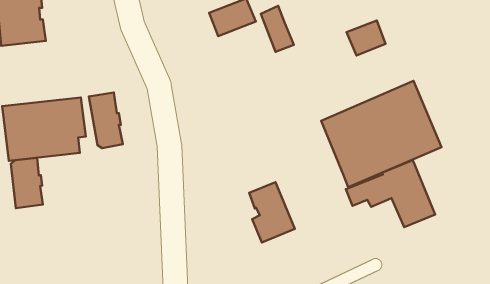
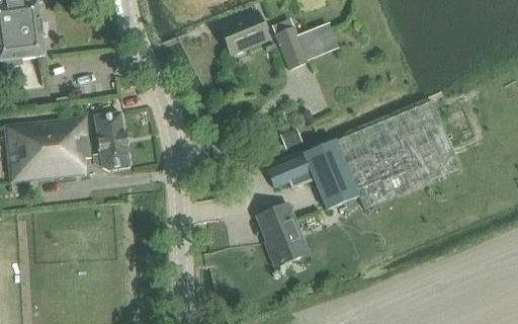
building: [347,20,386,55] -> [296,24,337,61]
building: [11,158,43,208] -> none
building: [346,160,435,227] -> [265,140,358,210]

